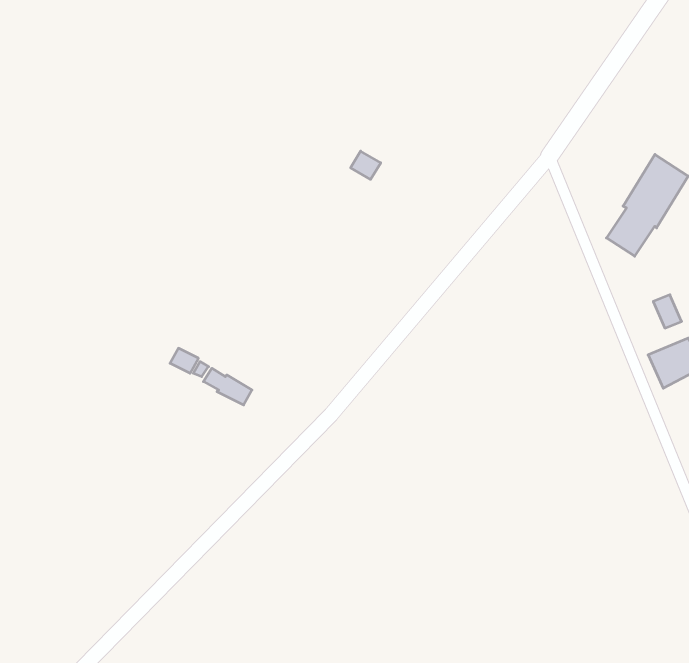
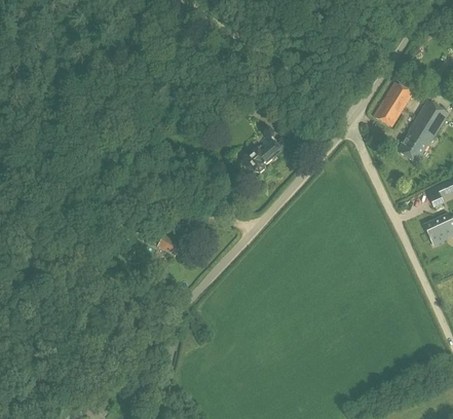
building: none -> [373,81,413,126]
building: none -> [242,141,279,172]

